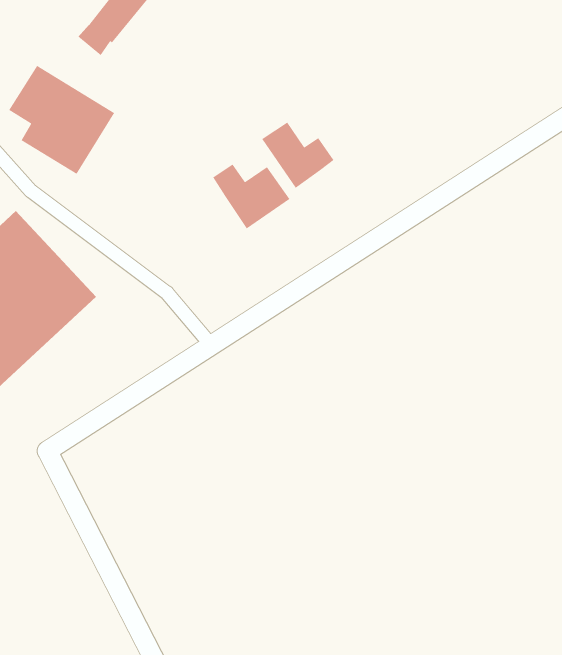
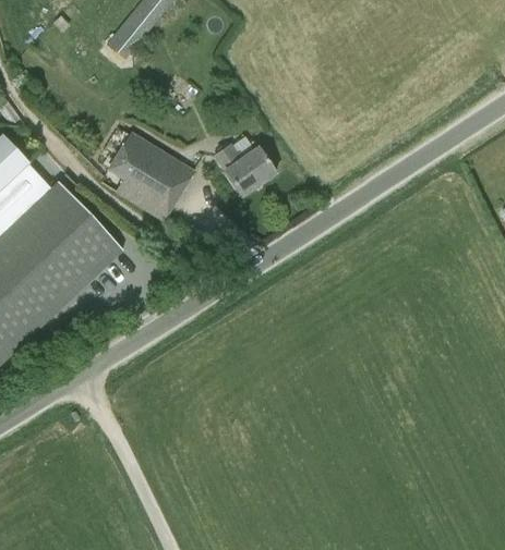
building: [8,65,115,175] -> [107,132,192,219]
building: [261,122,335,189] -> none

